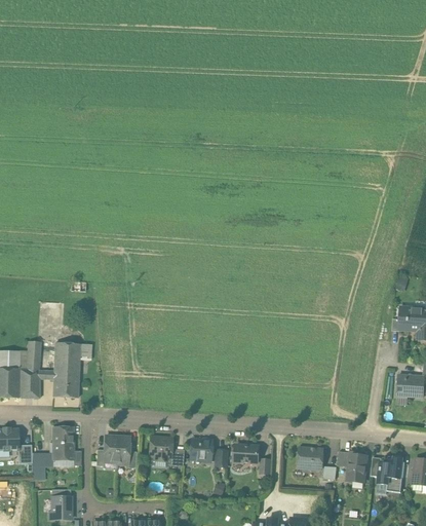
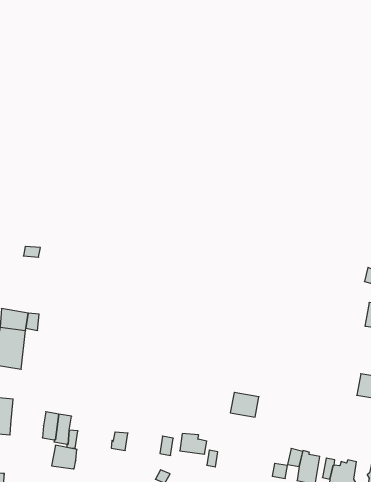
building: [149,437,171,457] -> [52,445,77,469]
building: [190,440,211,460] -> none
building: [298,447,323,468] -> [230,392,259,417]

